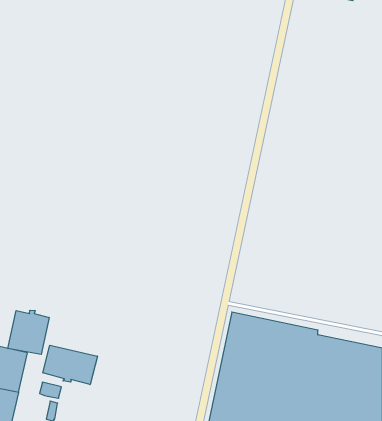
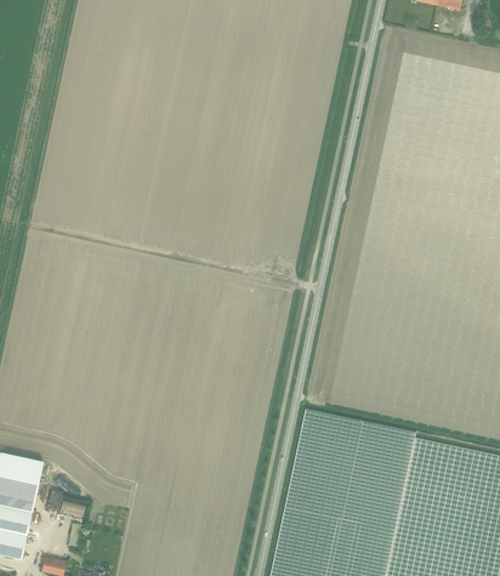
building: [8,310,49,354] -> none
building: [43,345,97,385] -> none

